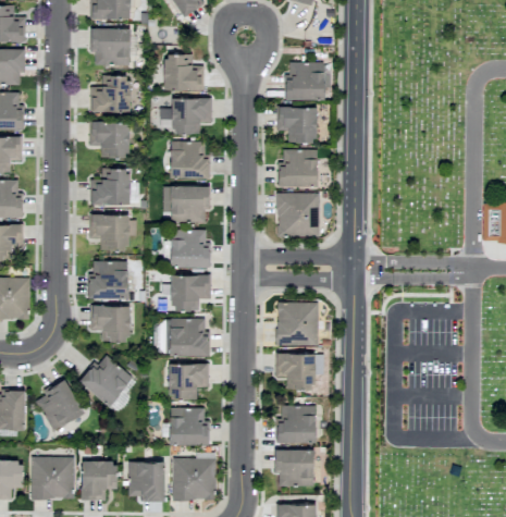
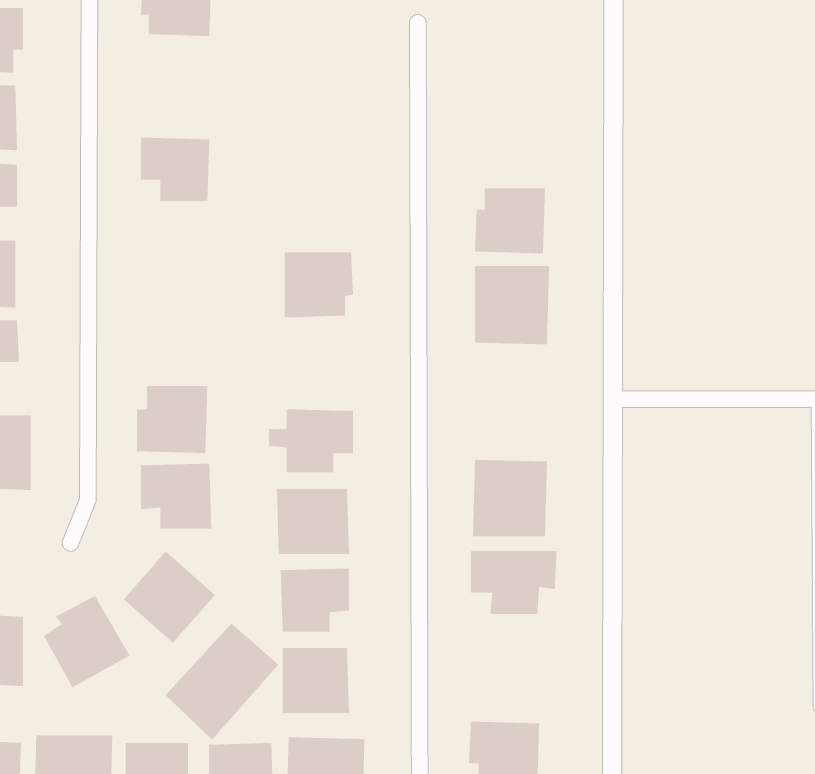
building: [164,54,203,91] -> none
building: [285,63,324,100] -> none
building: [90,75,131,112] -> none
building: [160,98,212,135] -> none
building: [276,107,318,141] -> none
building: [171,141,208,180] -> none
building: [90,169,129,205] -> none
building: [89,214,137,249] -> none
building: [171,230,209,268] -> none
building: none -> [165,622,279,740]
building: [276,405,317,443] -> none

